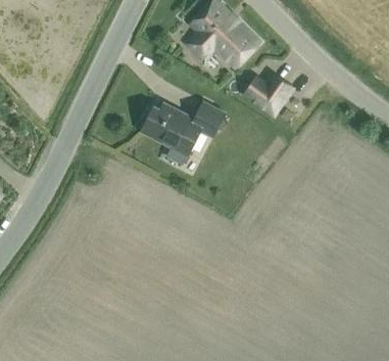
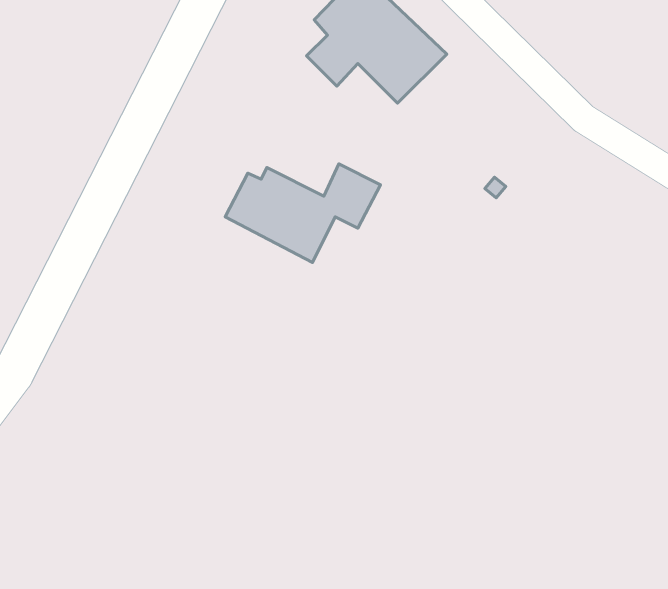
building: [246,77,291,111] -> none

